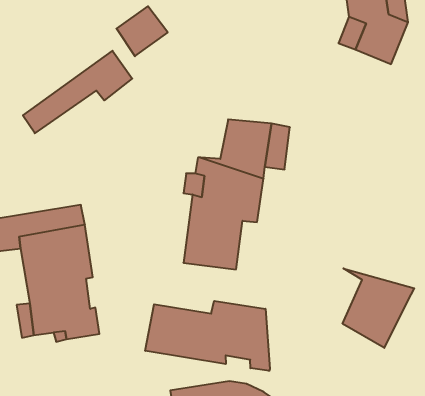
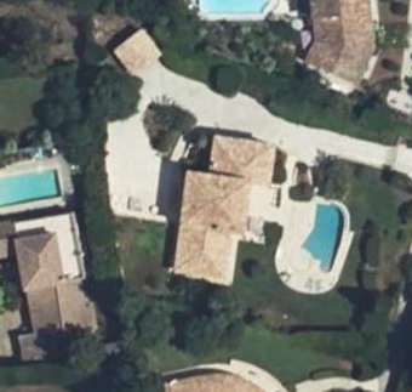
building: [23,51,132,133] -> none
building: [343,268,414,348] -> none
building: [145,301,270,371] -> none

